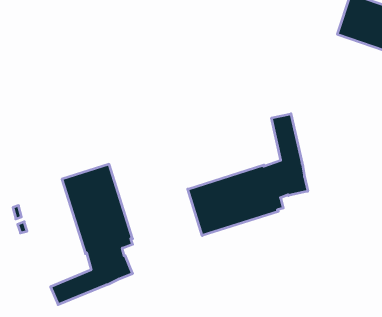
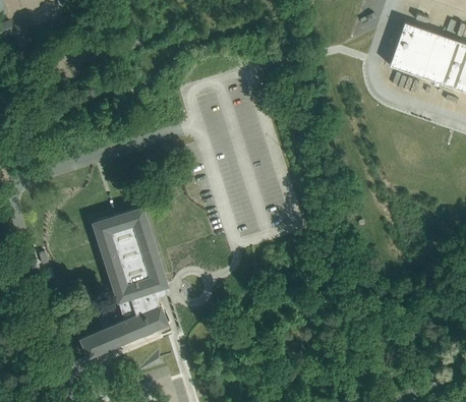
building: [188,114,308,236] -> none

